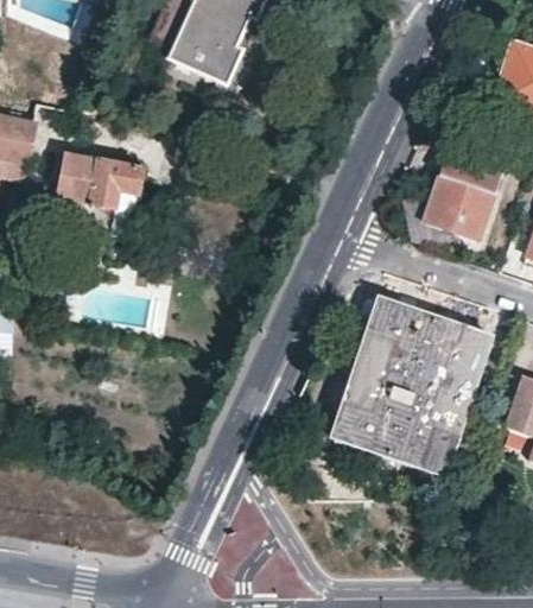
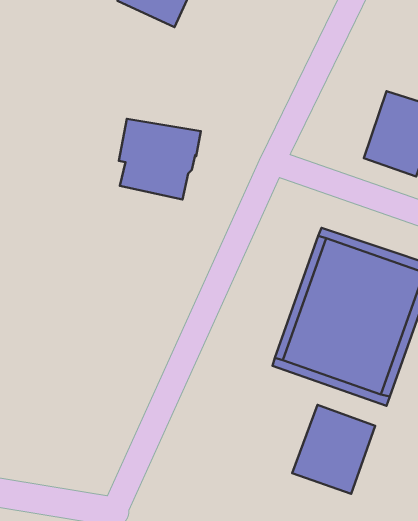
building: [56,152,141,236] -> [119,119,201,200]
building: none -> [292,405,375,494]

